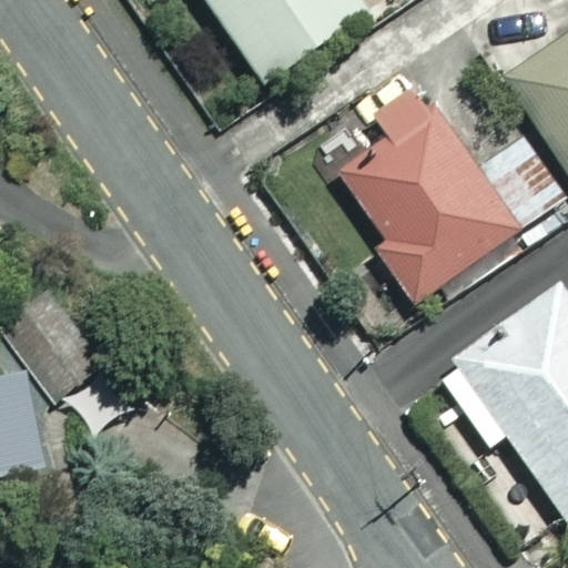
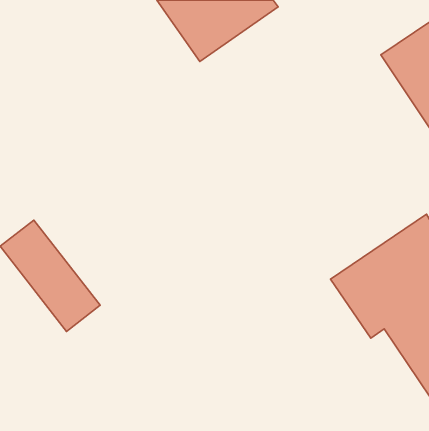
building: [341,74,518,301] -> none

